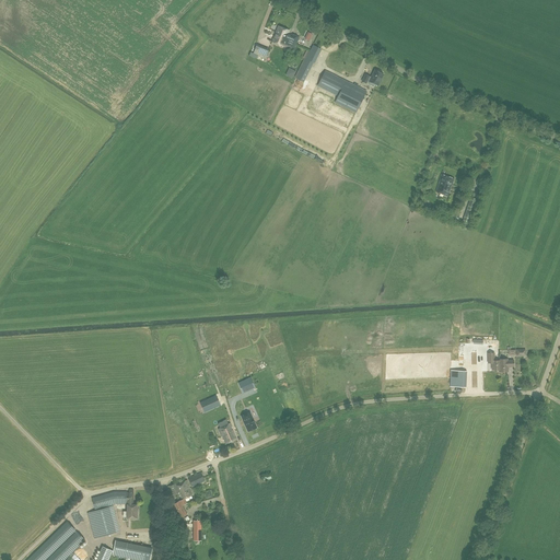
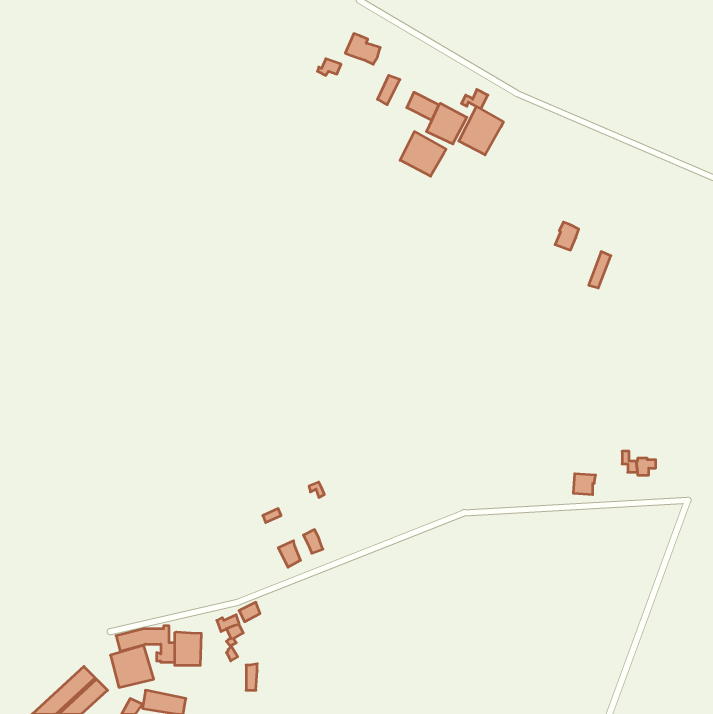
building: none -> [459,106,503,155]
building: none -> [400,132,446,176]
building: none -> [175,632,201,665]

